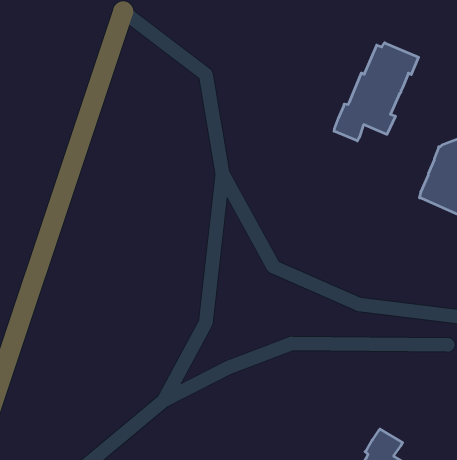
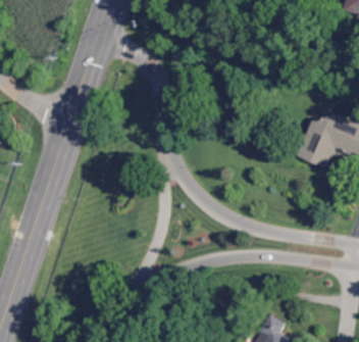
building: [334,43,419,141] -> none

